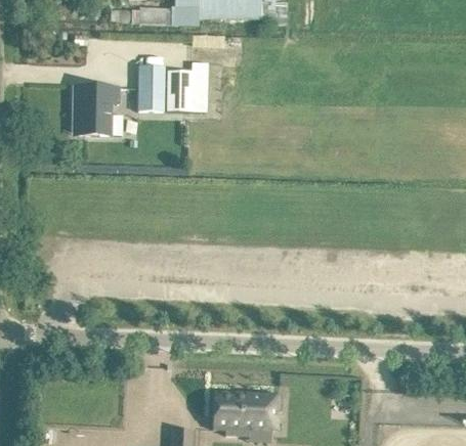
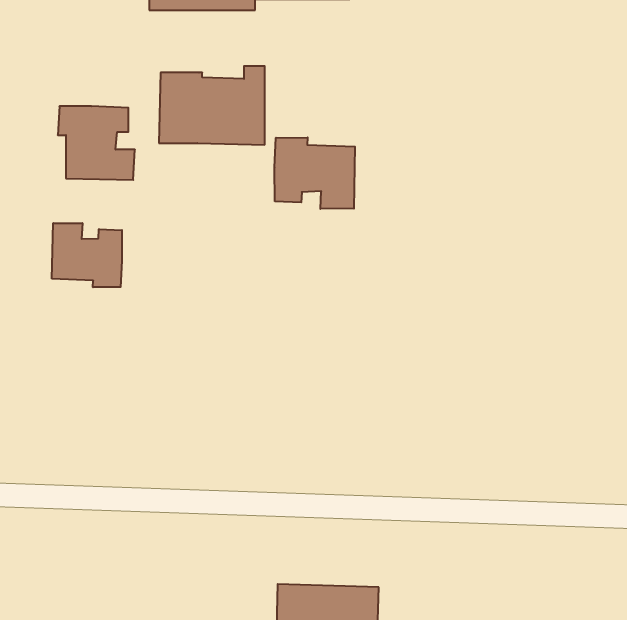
building: none -> [275,137,355,209]
building: none -> [52,223,122,287]

